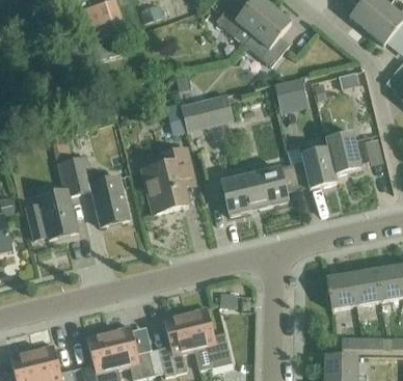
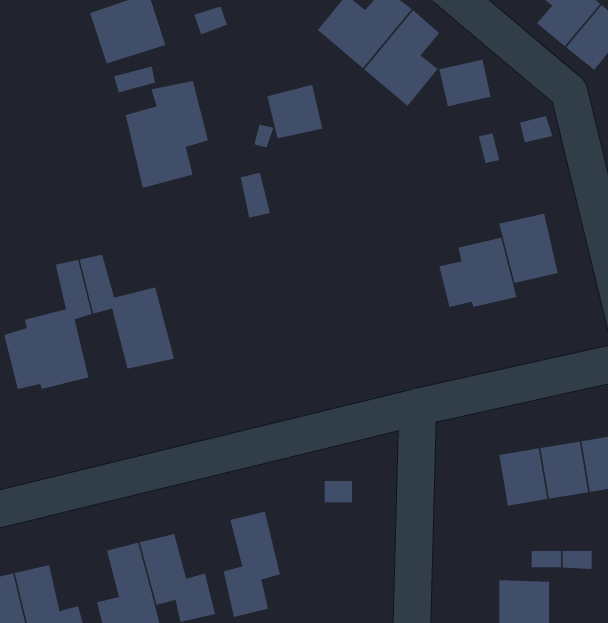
building: [273,78,305,107] -> [439,59,492,107]
building: [197,94,232,128] -> [267,84,323,139]
building: [142,148,193,214] -> [125,81,209,188]
building: [220,164,295,215] -> none
building: [184,307,231,371] -> none

